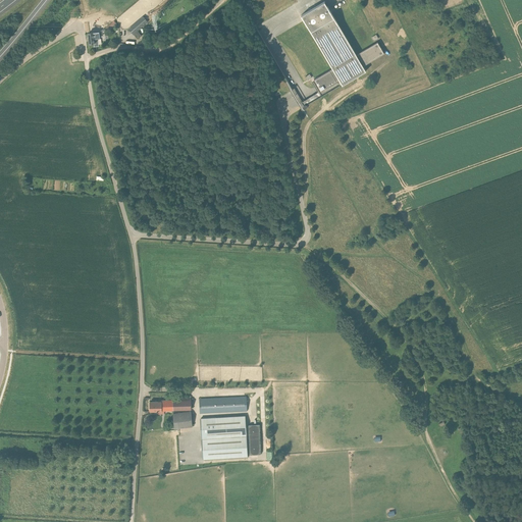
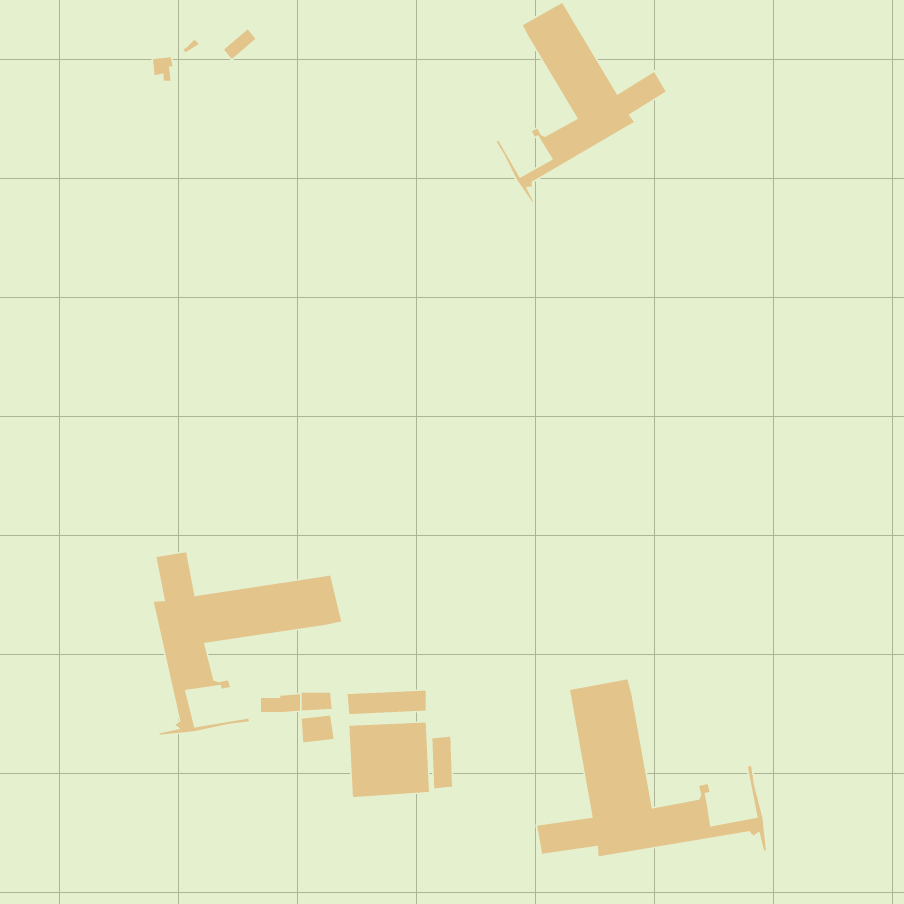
building: none -> [153,551,342,735]
building: none -> [536,679,767,857]

